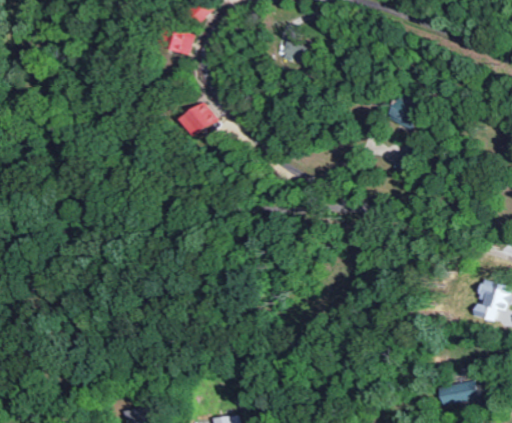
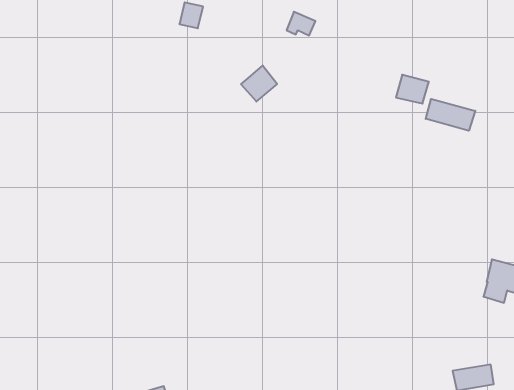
building: [182,102,217,137] -> [241,65,277,102]
building: none -> [426,99,475,131]

